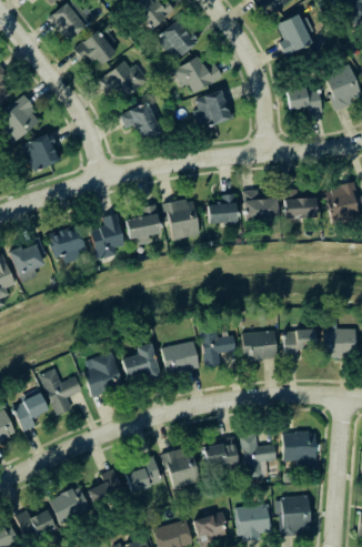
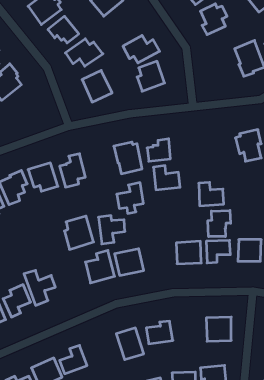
building: [154,21,198,57] -> none
building: [283,88,321,114] -> none
building: [18,133,57,174] -> none
building: [241,190,276,222] -> [153,166,180,190]
building: [281,190,314,221] -> [199,182,224,206]
building: [123,204,159,245] -> [117,183,143,213]
building: none -> [208,210,231,237]
building: [201,330,237,367] -> [98,216,125,244]
building: [86,352,124,396] -> [64,216,94,249]
building: [243,435,278,479] -> none
building: [127,456,163,492] -> none

